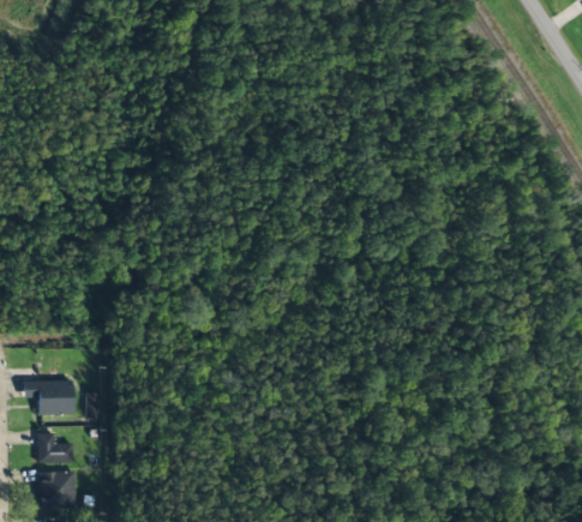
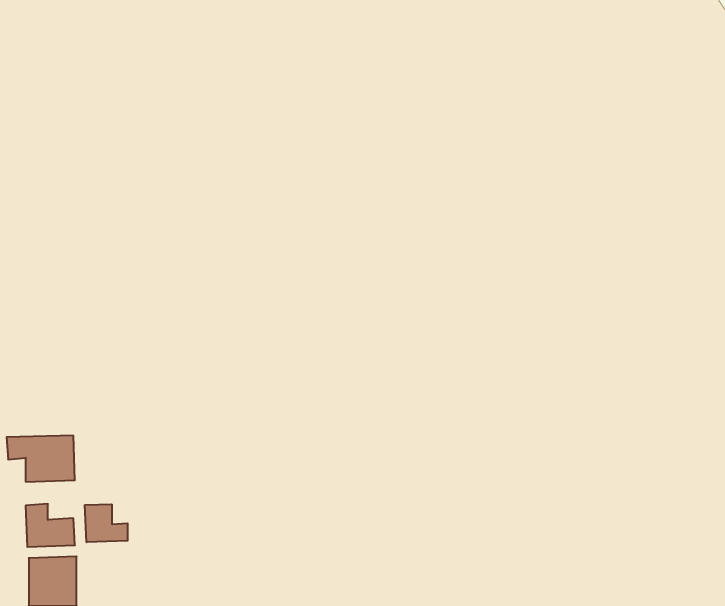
building: none -> [85,504,128,542]

